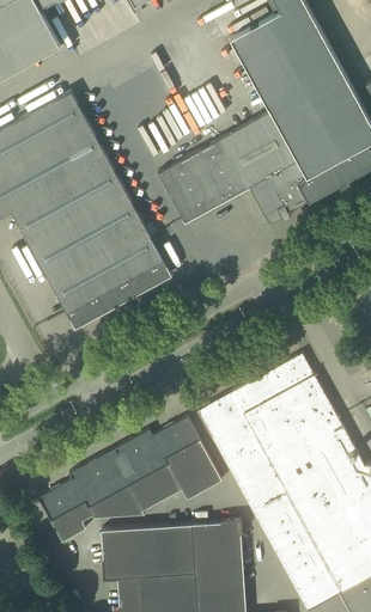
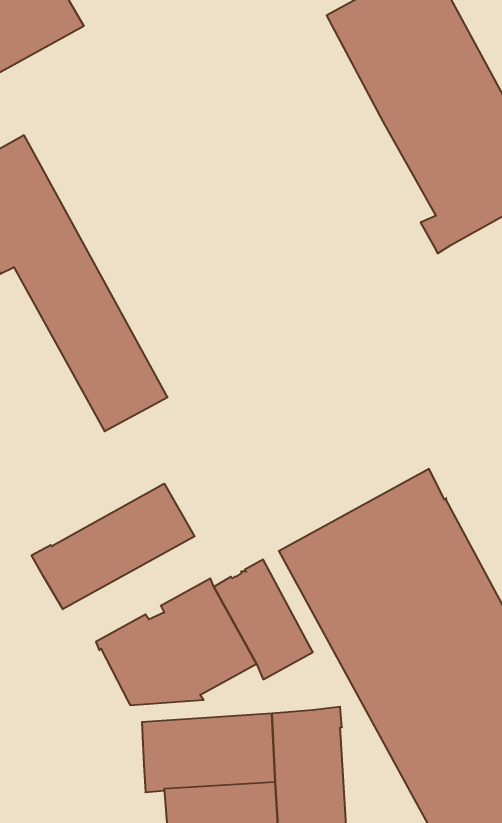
building: [18,92,170,304] -> none
building: [156,111,306,224] -> none
building: none -> [32,484,195,609]
building: [37,479,91,543] -> none

